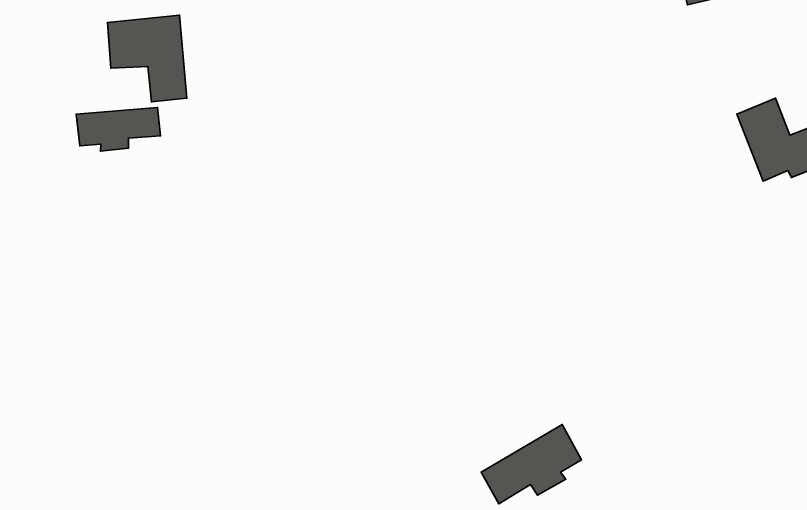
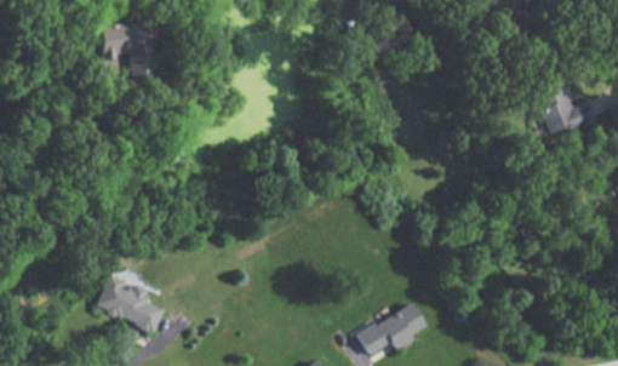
building: [76,107,161,151] -> none
building: none -> [95,273,162,331]

